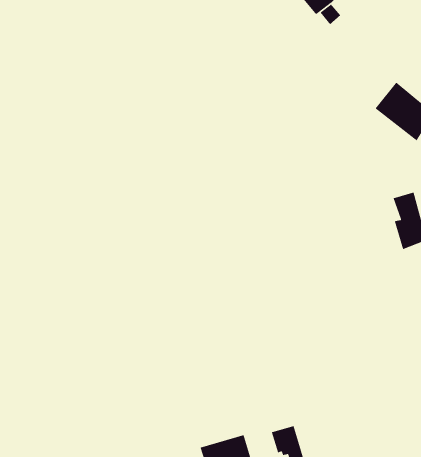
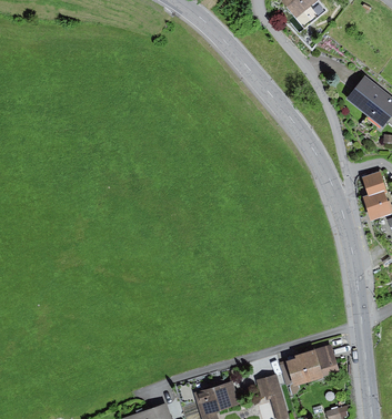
building: none -> [278,344,340,387]

